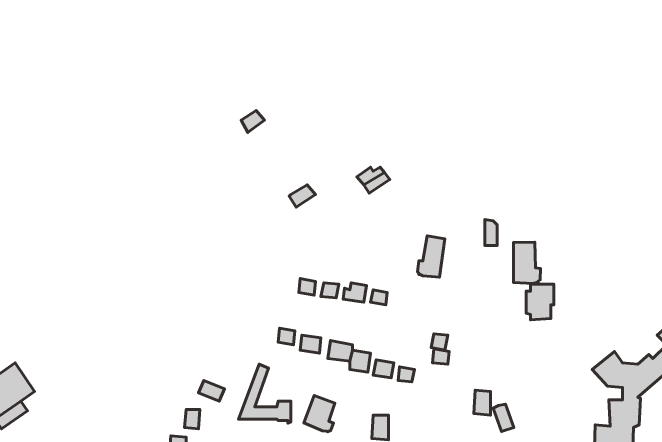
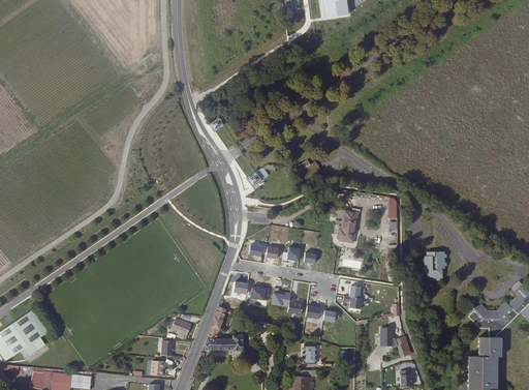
building: [513,242,540,283] -> none
building: [304,395,335,432] -> none

